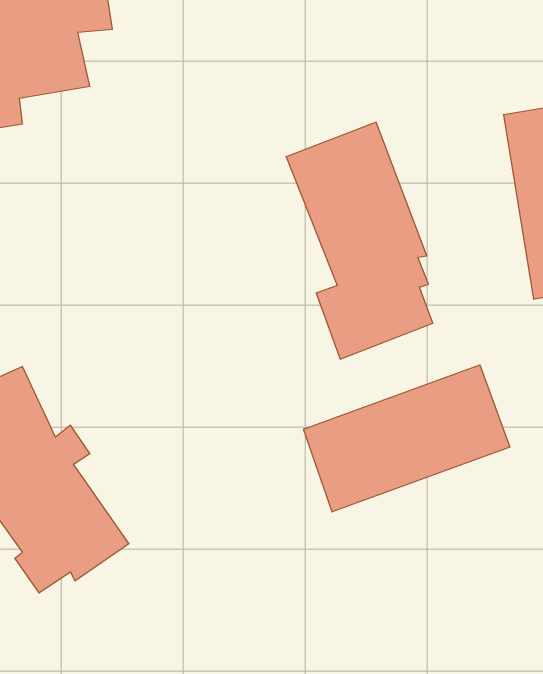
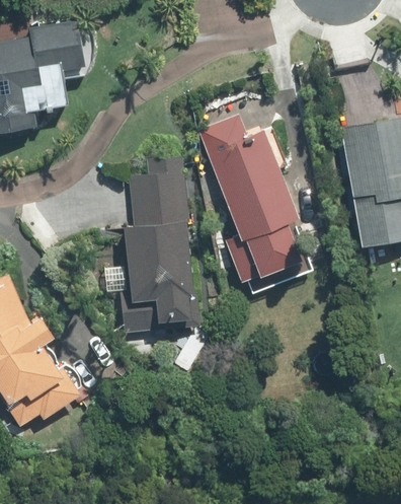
building: none -> [115,147,193,311]
building: [304,365,510,512] -> none

